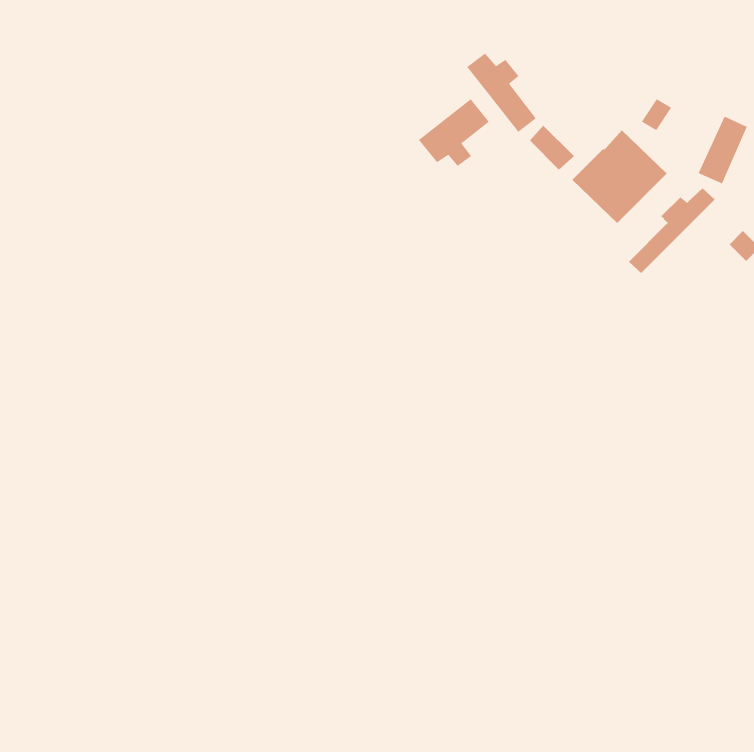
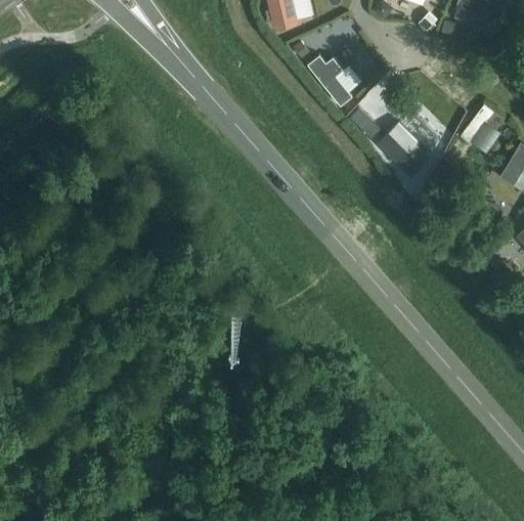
building: [418,98,490,167] -> none
building: [628,187,716,274] -> none

